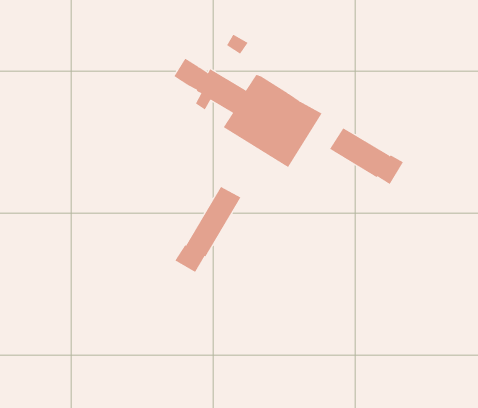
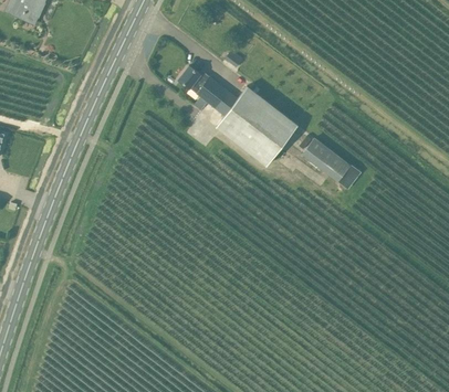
building: [175,186,241,273] -> none

